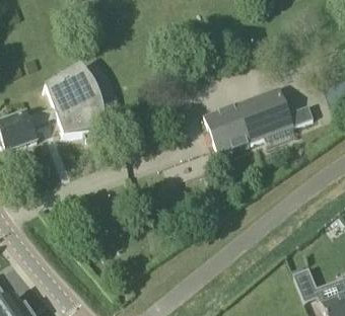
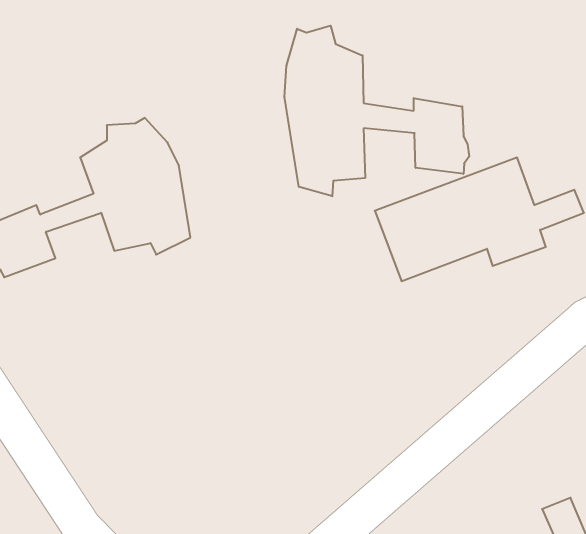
building: none -> [285,26,469,196]

